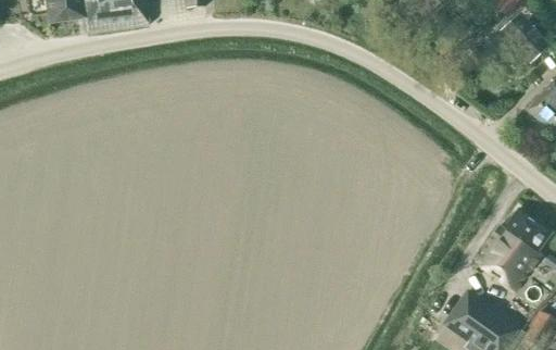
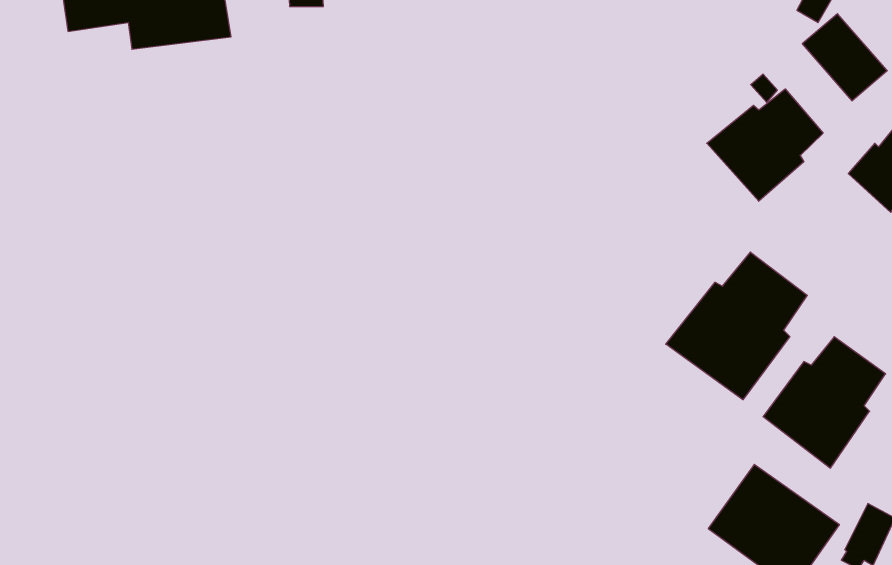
building: none -> [707,89,823,201]
building: none -> [666,252,807,400]

